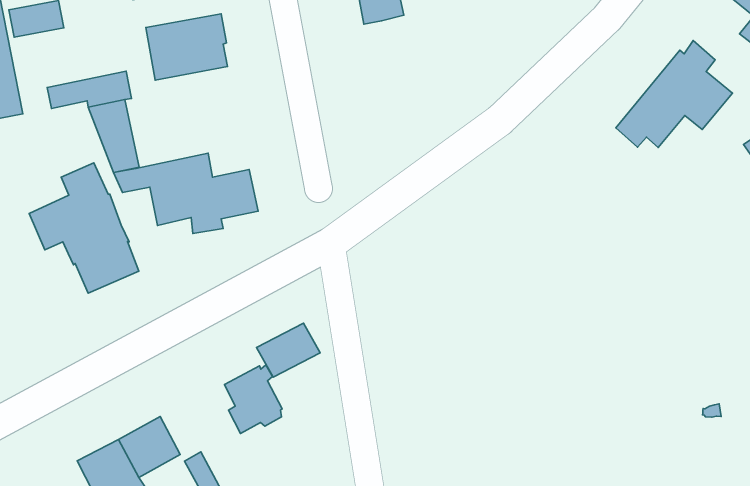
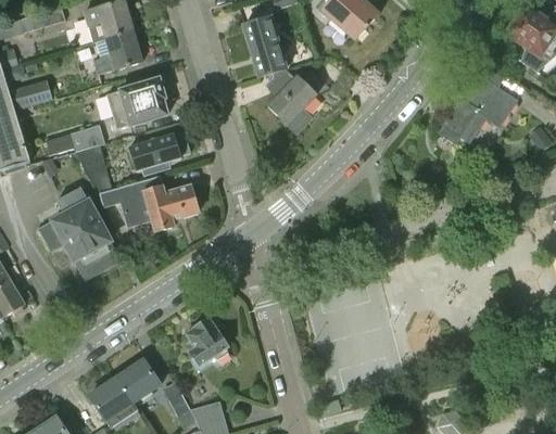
building: none -> [266,67,316,132]
building: none -> [130,132,190,170]
building: [257,323,320,377] -> none

